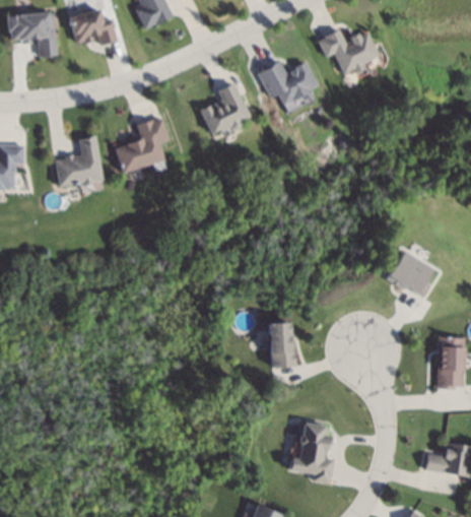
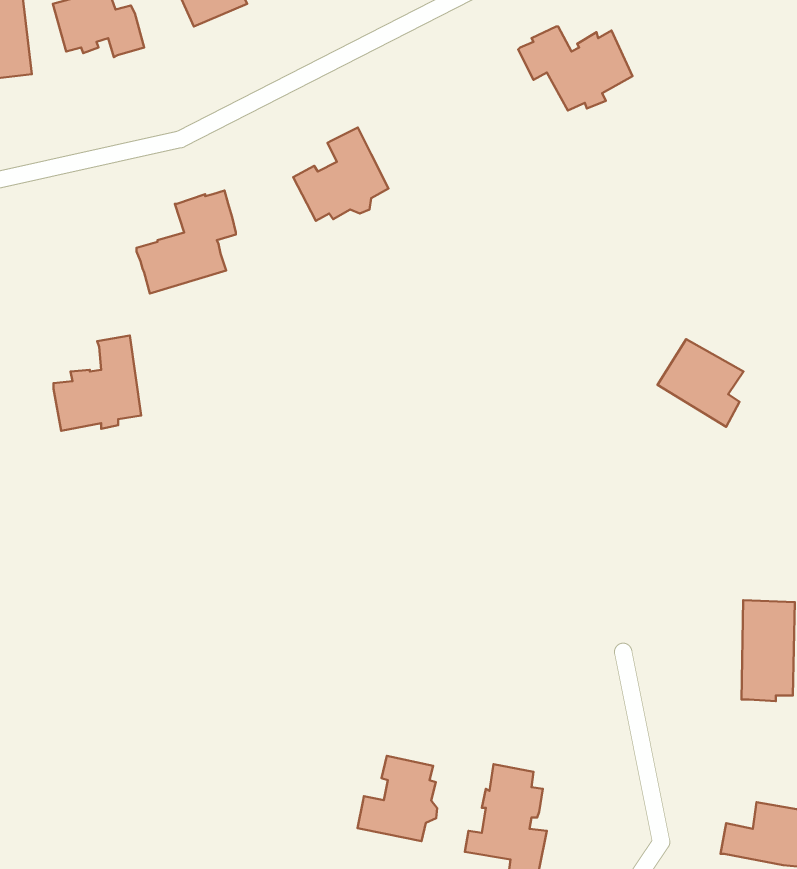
building: [258,61,317,103] -> none
building: [54,135,100,186] -> [53,335,141,431]
building: [388,251,433,298] -> [657,339,743,427]
building: [267,322,296,367] -> none
building: none -> [357,756,437,841]

